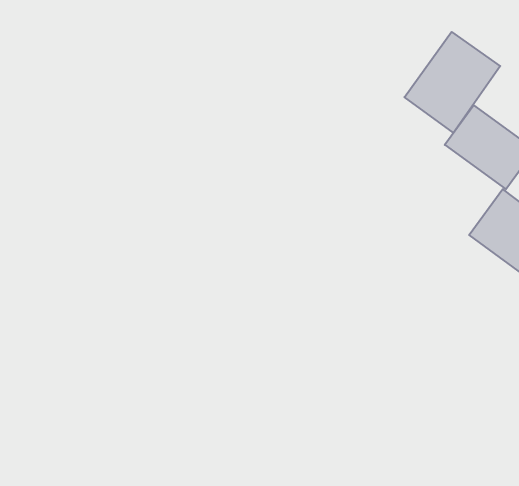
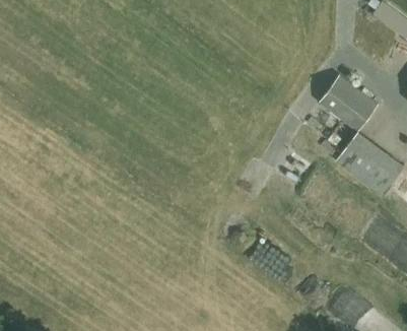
building: [404,32,500,133] -> none

